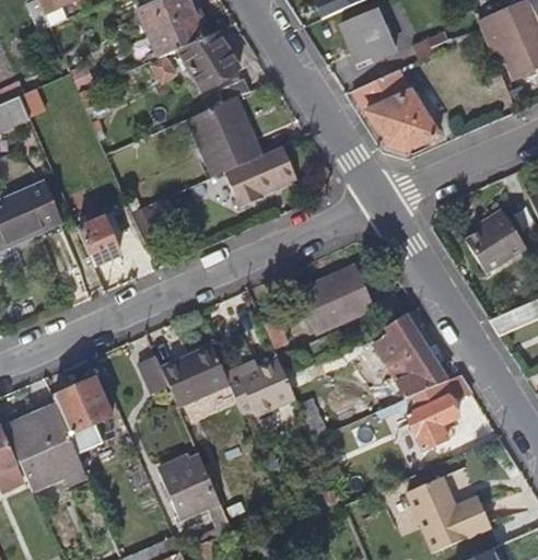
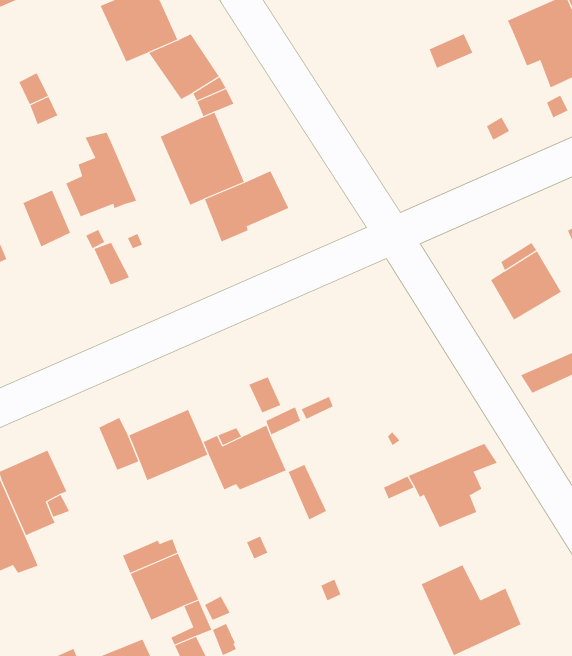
building: [342,10,395,61] -> none
building: [353,70,443,151] -> none
building: none -> [66,132,137,217]
building: [80,219,120,267] -> [22,190,71,247]
building: [295,265,373,334] -> none
building: [375,315,449,397] -> none

